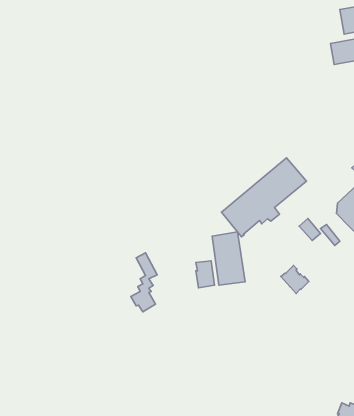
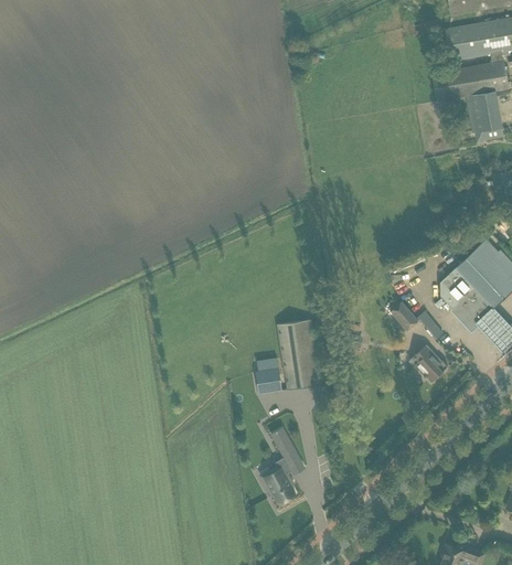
building: [221,158,306,237] -> none
building: [131,253,157,312] -> [264,426,298,503]
building: [281,266,309,293] -> [410,344,447,381]

